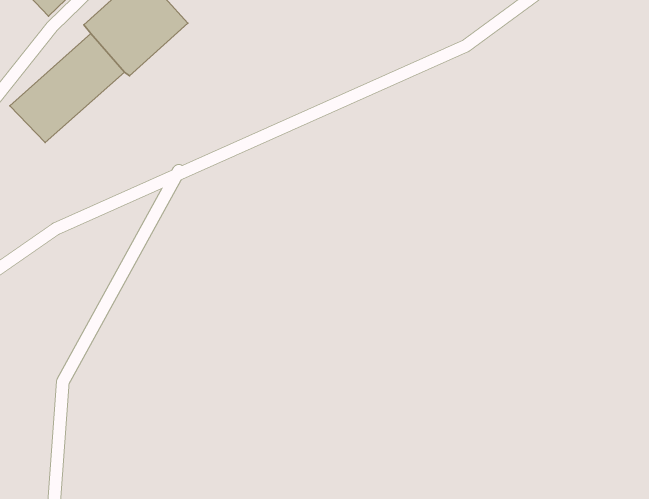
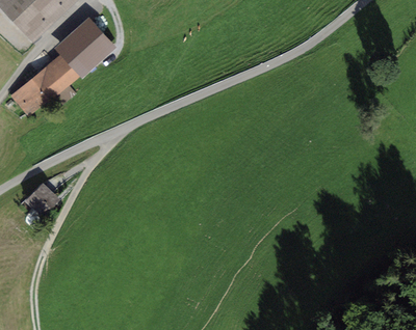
building: none -> [24,182,60,217]

